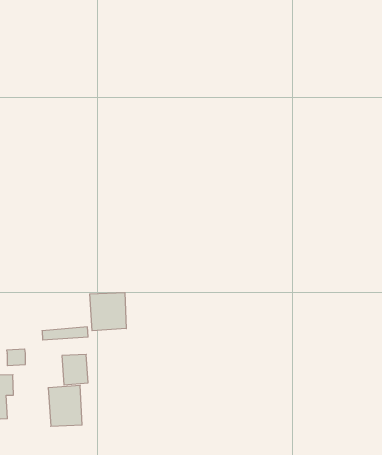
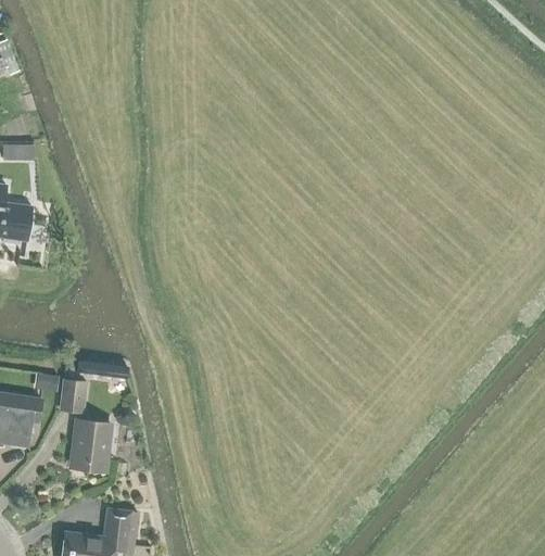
building: [90,293,126,331] -> none
building: [62,354,88,385] -> [58,377,87,410]

